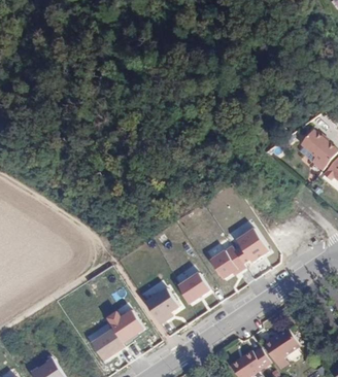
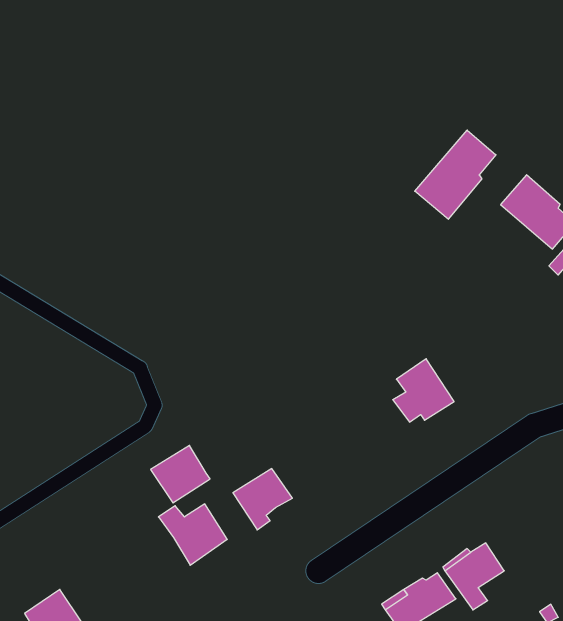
building: none -> [415,130,496,219]
building: [210,246,246,279] -> none
building: [178,272,210,304] -> none
building: [92,328,125,359] -> [151,445,210,503]

